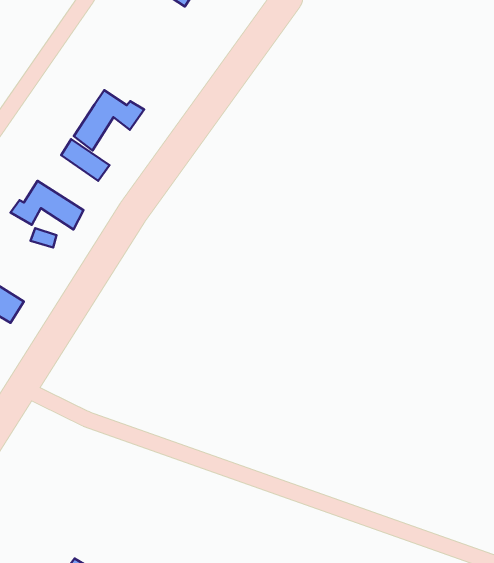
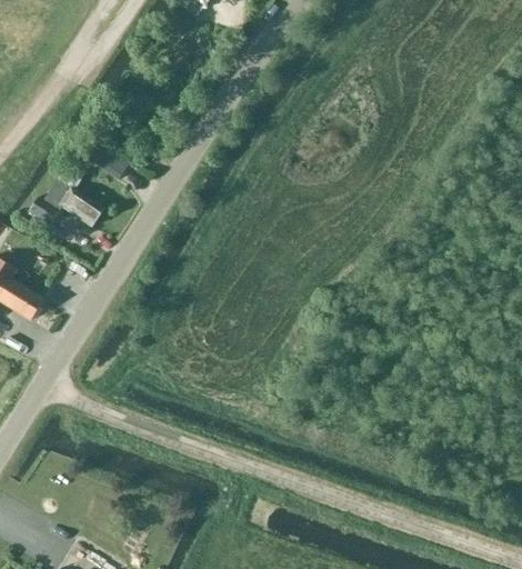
building: [74,90,144,151] -> none

